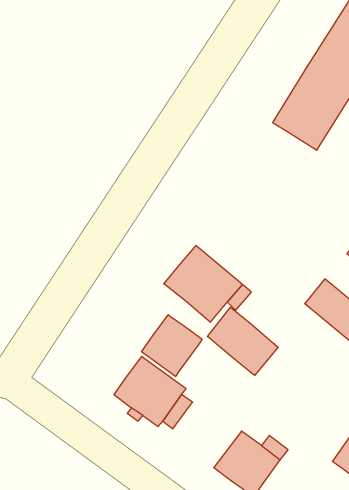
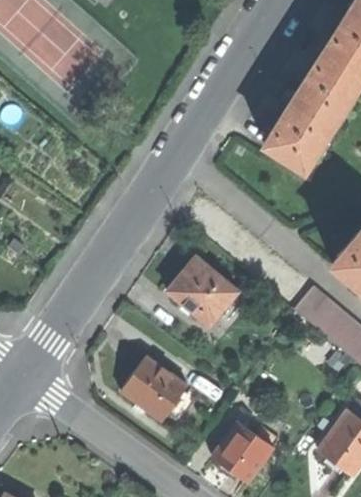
building: [207,307,278,375] -> none
building: [142,315,202,377] -> none

